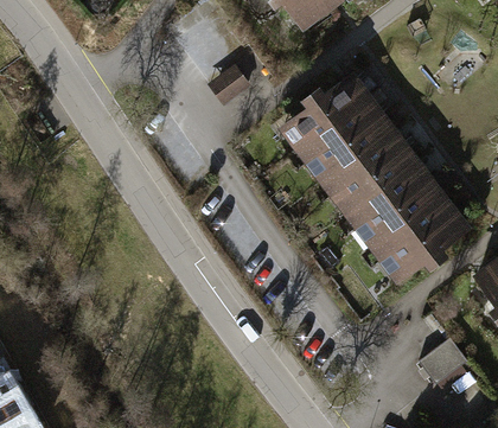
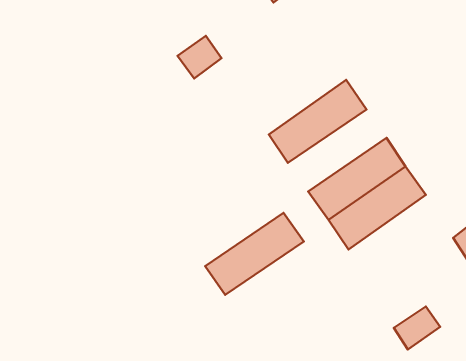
building: [280,78,377,161] -> none
building: [319,136,417,218] -> [205,213,304,295]

